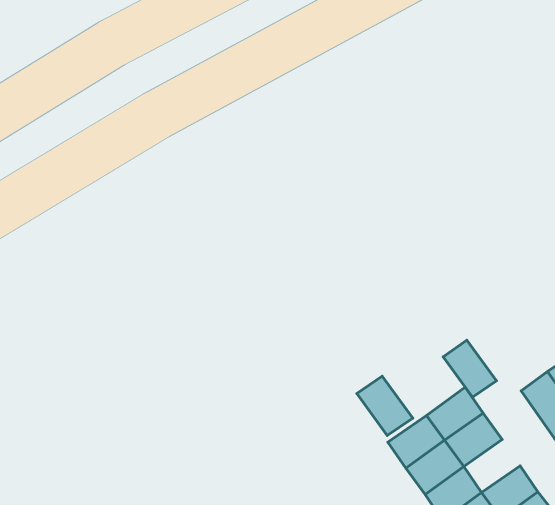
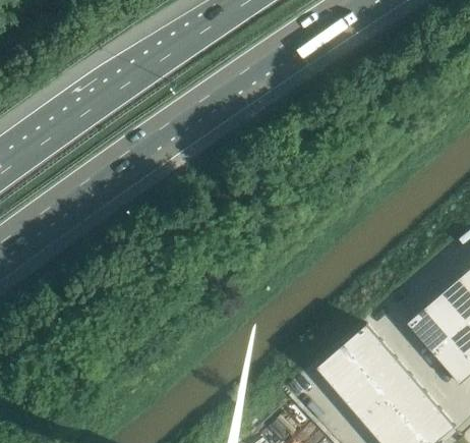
building: [443,340,496,397] -> none
building: [357,376,413,436] -> none
building: none -> [371,358,411,397]

